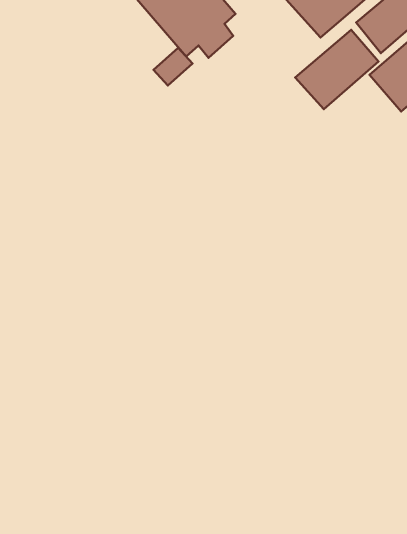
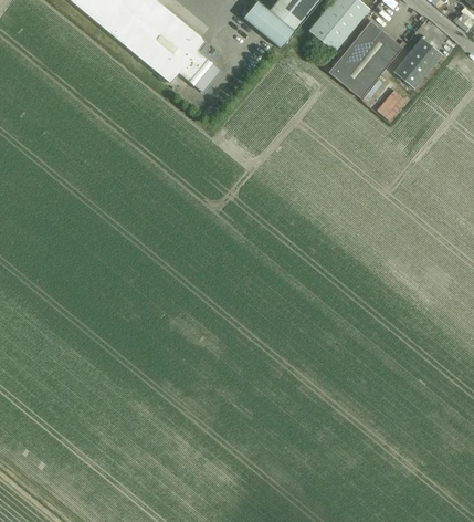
building: [295,30,378,109] -> none
building: [154,48,193,85] -> [189,58,221,91]

